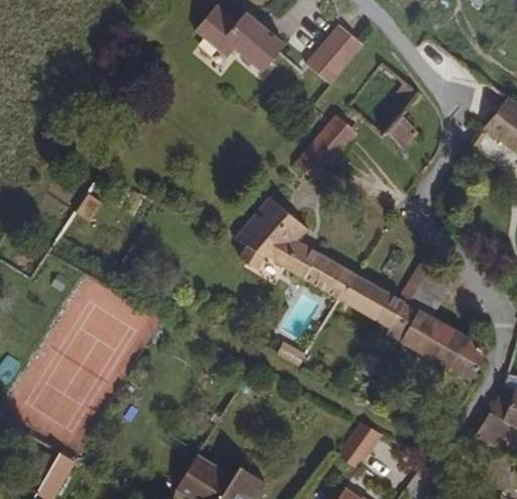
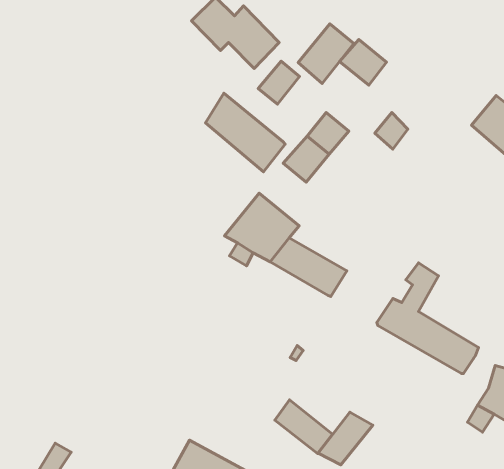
building: none -> [340,39,386,85]
building: none -> [258,61,299,104]
building: none -> [205,93,285,172]
building: [340,269,423,328] -> none
building: none -> [275,400,332,454]

